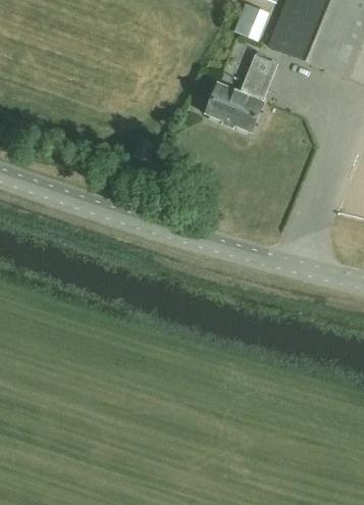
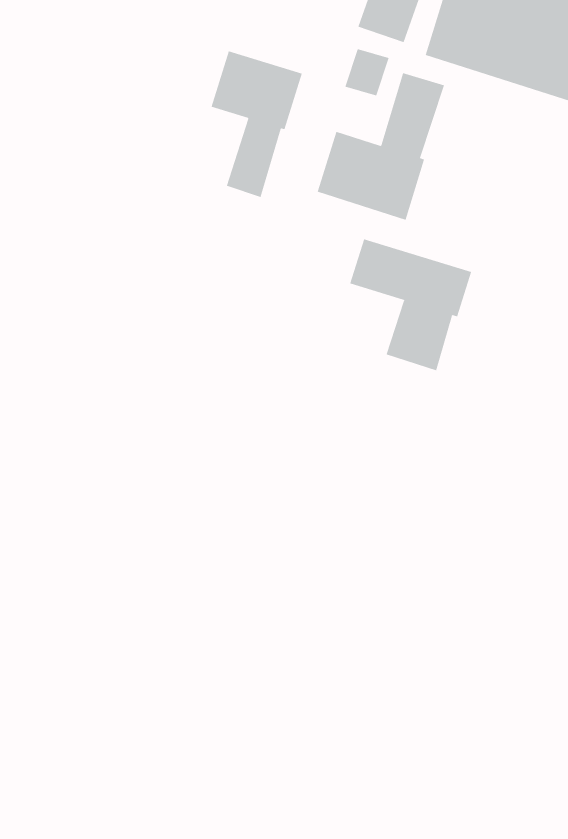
building: none -> [211,51,303,198]
building: none -> [350,238,472,371]

